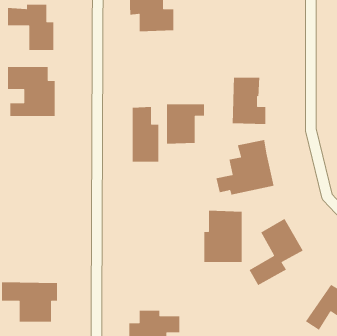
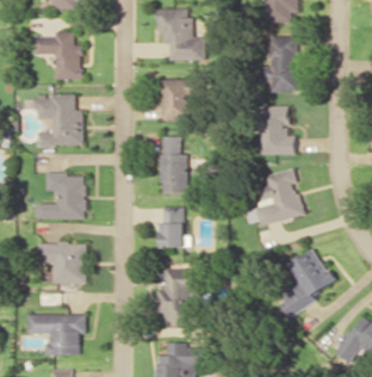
building: none -> [260,36,298,92]
building: [166,103,205,145] -> [159,79,198,120]
building: none -> [31,173,83,218]
building: none -> [157,205,190,247]
building: [204,210,242,263] -> [159,267,198,321]
building: none -> [35,242,82,282]

